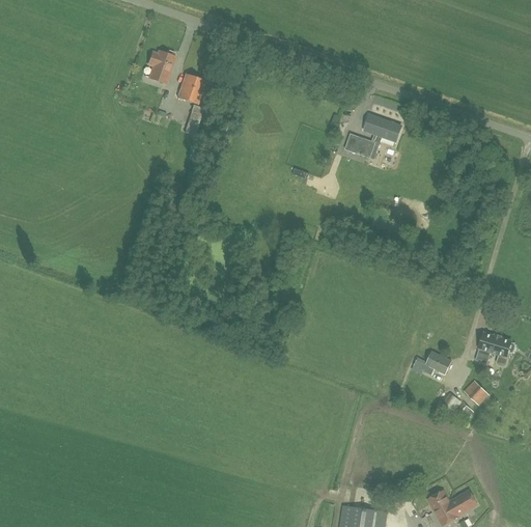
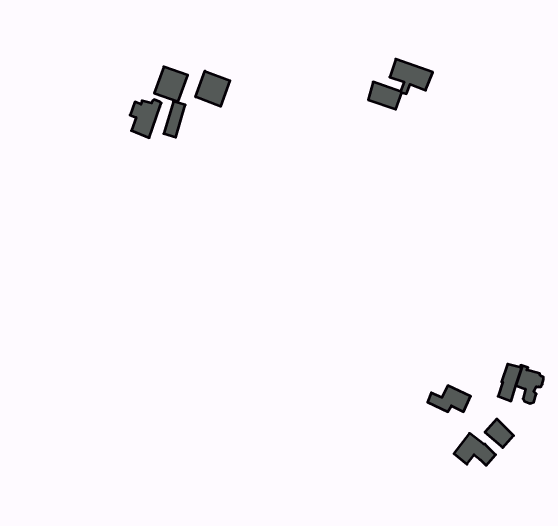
building: [148,50,175,83] -> [130,100,161,138]
building: none -> [196,71,230,106]
building: [345,114,401,158] -> [368,59,433,109]

